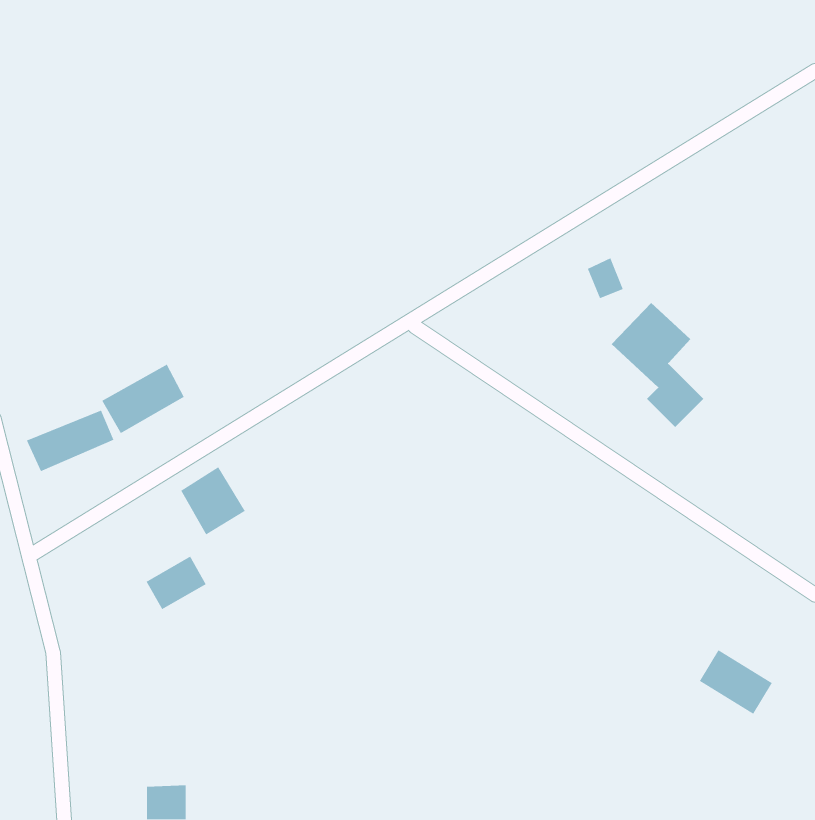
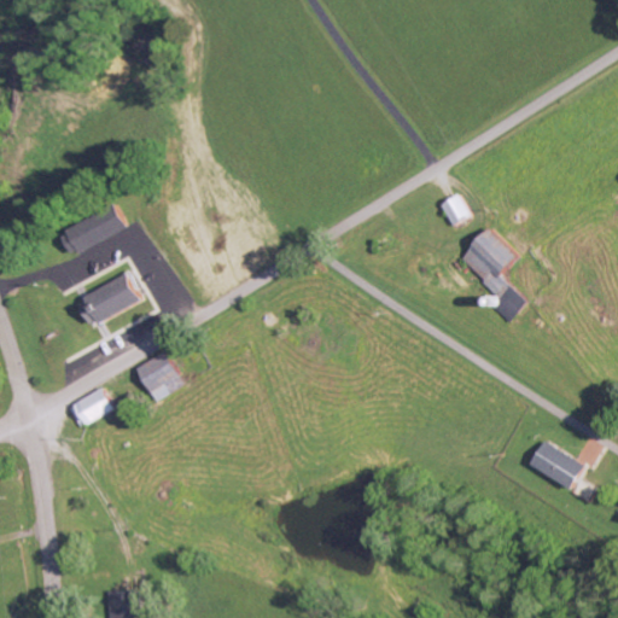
building: [26,410,114,472] -> [58,206,124,253]
building: [146,556,207,610] -> [68,386,113,427]
building: [699,649,773,715] -> [529,439,584,489]

